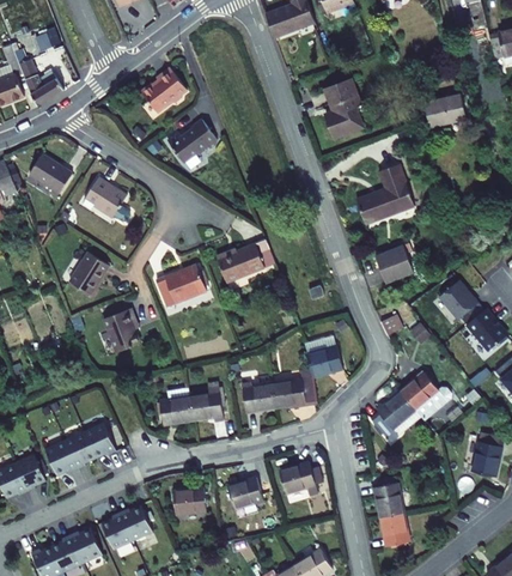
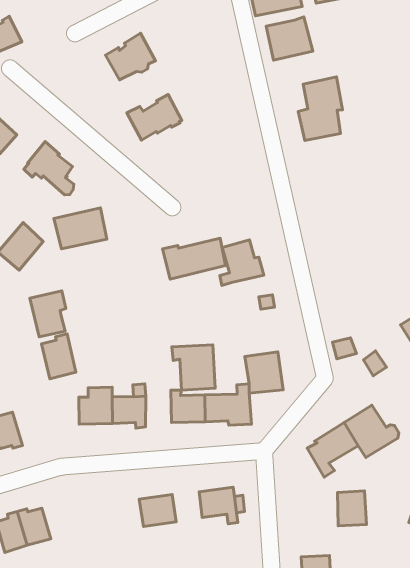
building: none -> [266,17,313,60]
building: [354,170,413,230] -> none
building: none -> [220,240,264,285]
building: [373,243,413,281] -> none
building: [157,266,207,308] -> [54,208,107,249]
building: none -> [172,345,215,390]
building: none -> [42,334,76,379]
building: [374,481,404,516] -> [337,491,366,526]
building: [173,487,206,515] -> none

